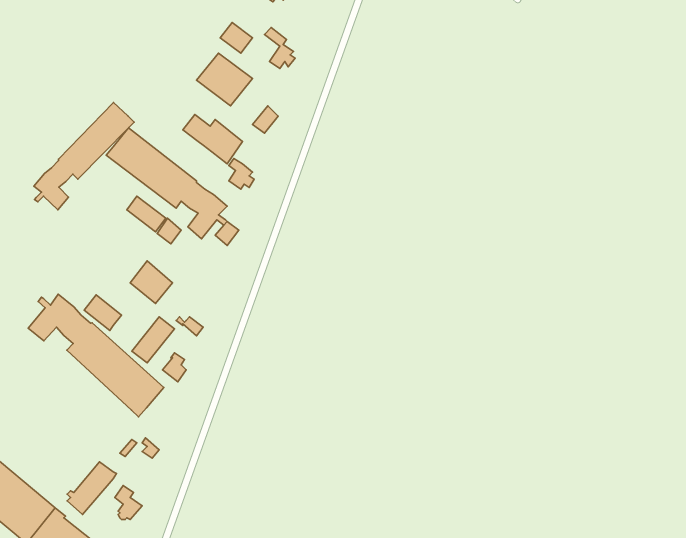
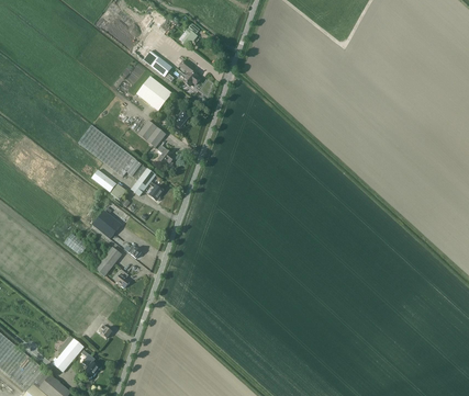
building: [34,102,134,210] -> none
building: [28,294,164,417] -> none

